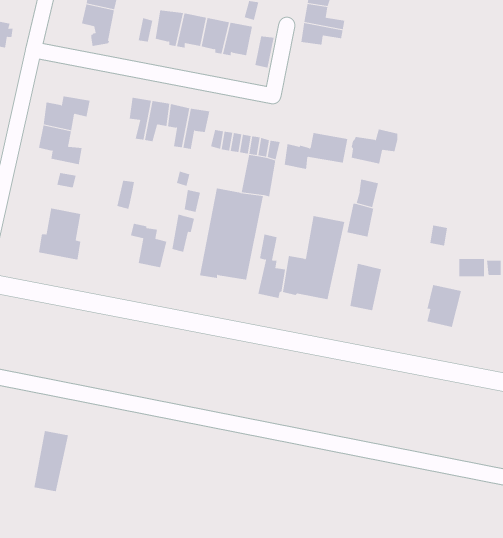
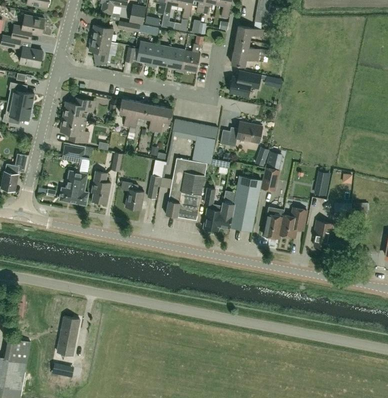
building: [351,129,398,164] -> [229,72,260,95]
building: none -> [91,171,110,203]
building: none -> [278,208,306,238]

